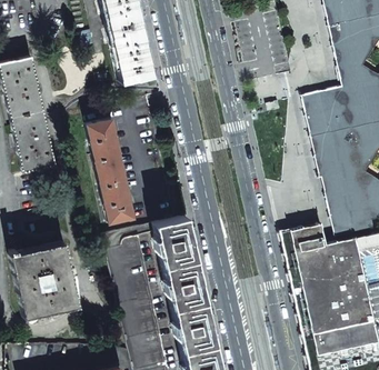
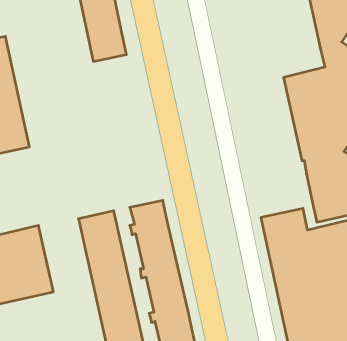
building: [84,117,133,221] -> none

